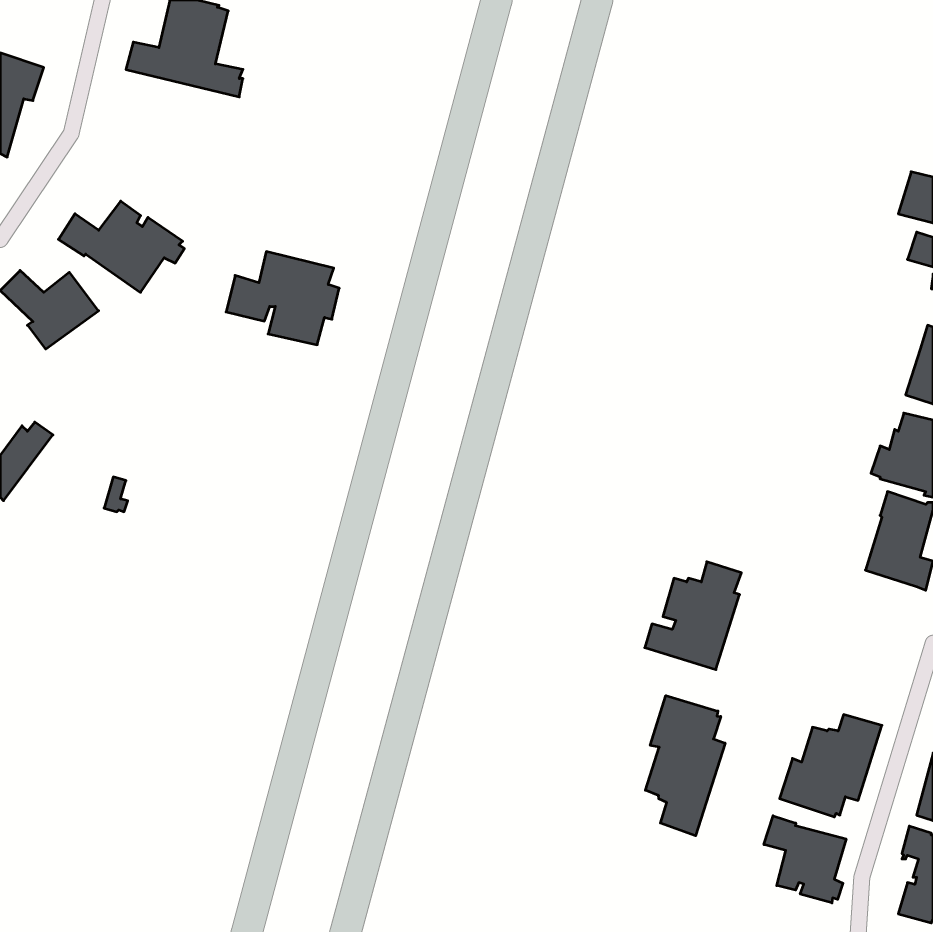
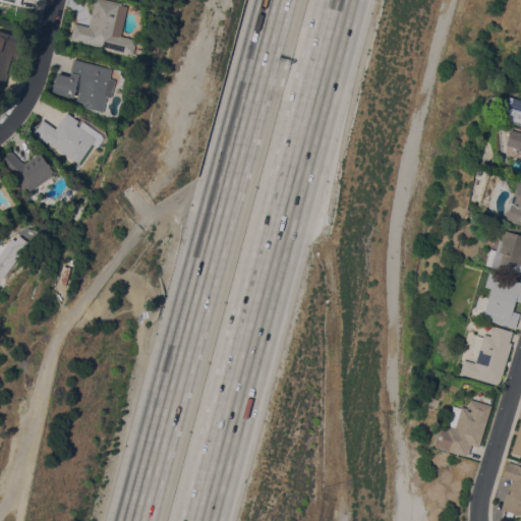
building: [226,252,339,345] -> [52,60,115,112]
building: [645,562,741,670] -> [459,326,513,386]
building: [645,696,725,836] -> none
building: [764,816,846,903] -> none

